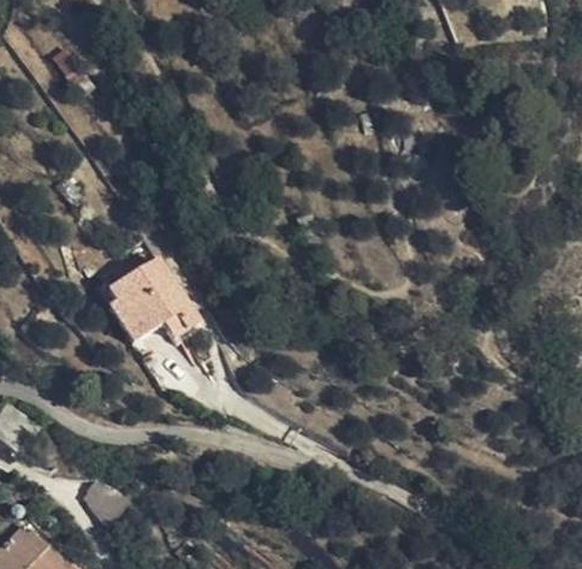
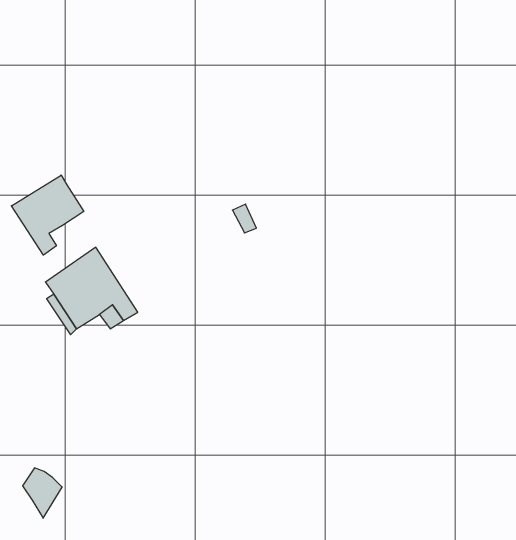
building: none -> [11,175,84,255]

